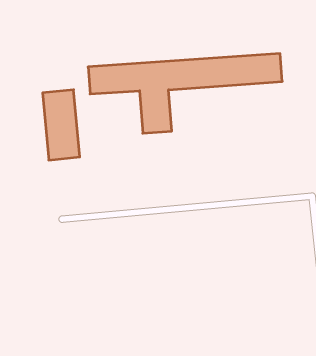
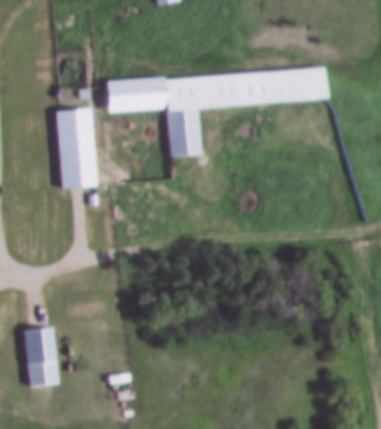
building: none -> [24,327,58,385]

